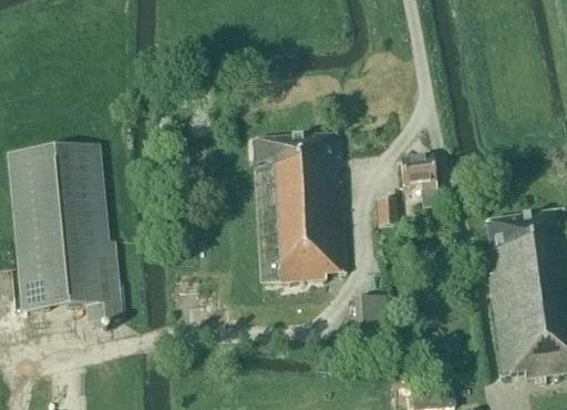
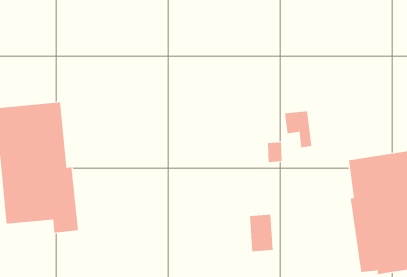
building: [252,133,346,280] -> none

